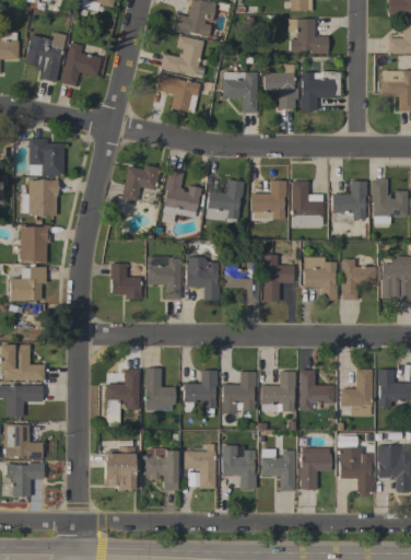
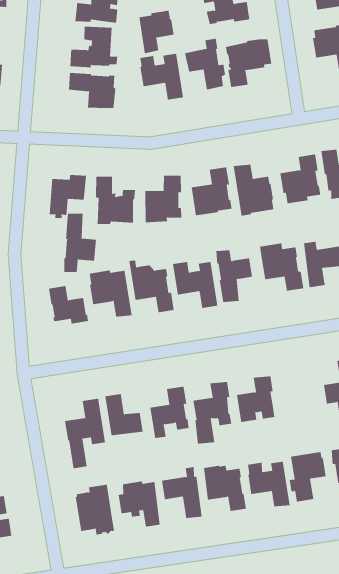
building: none -> [139,10,174,54]
building: none -> [64,213,96,273]
building: [300,370,334,410] -> none

